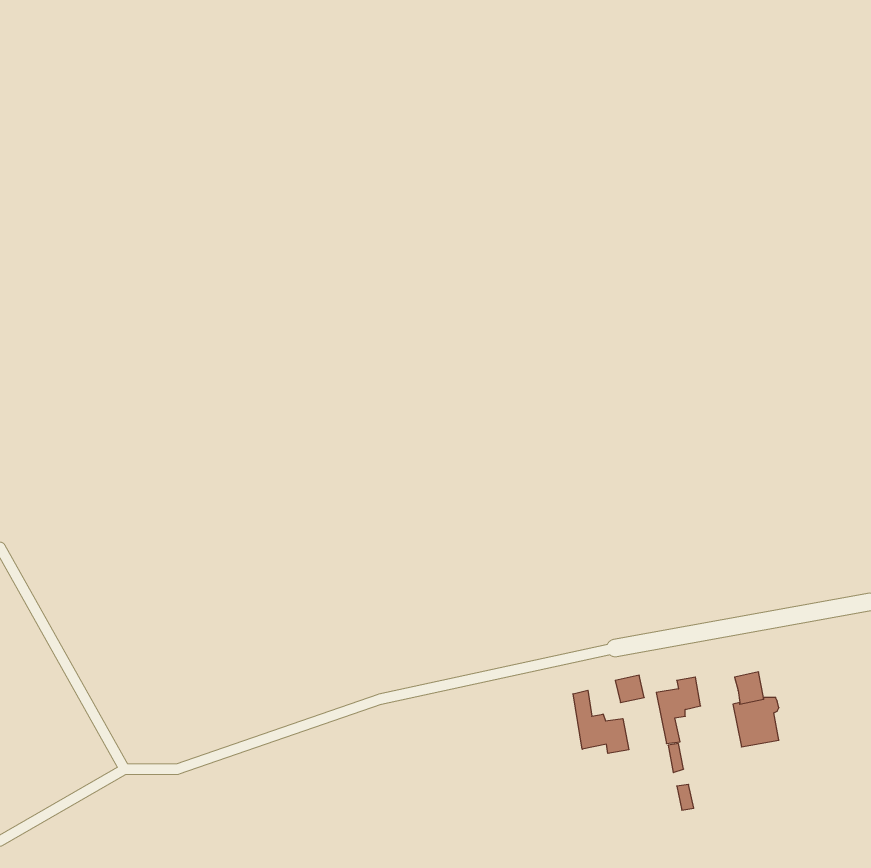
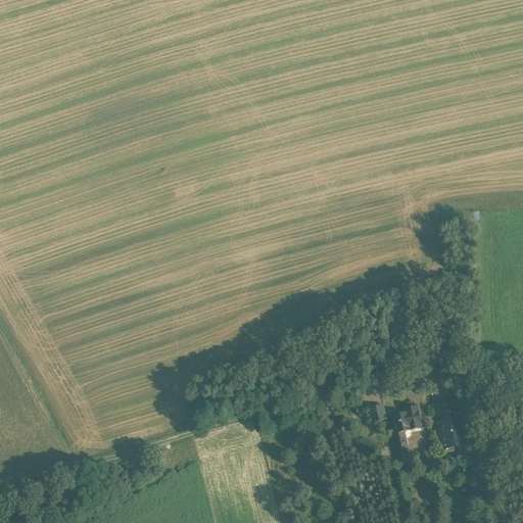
building: [573,690,629,753] -> none

